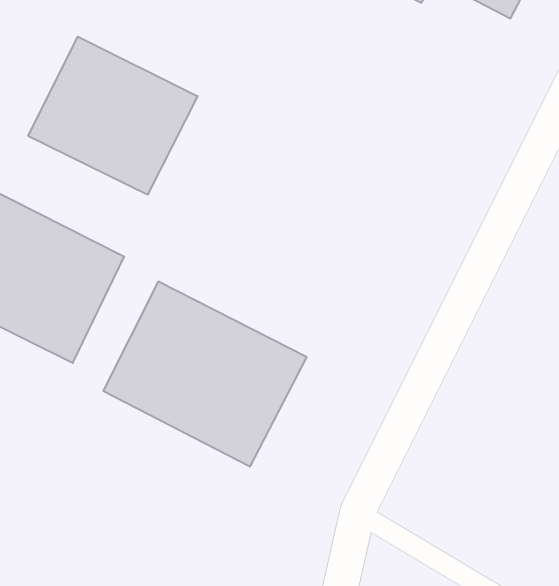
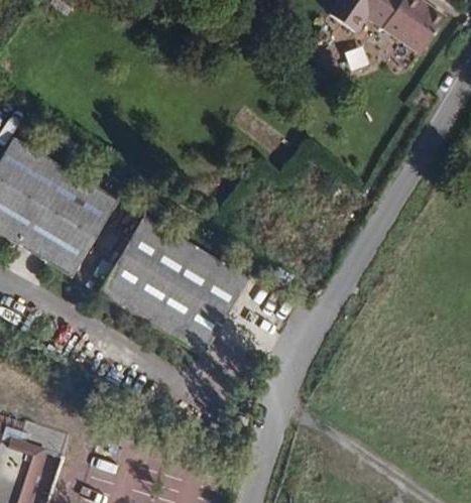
building: [28,37,198,195] -> none

